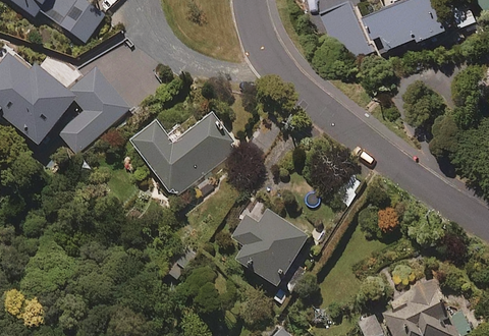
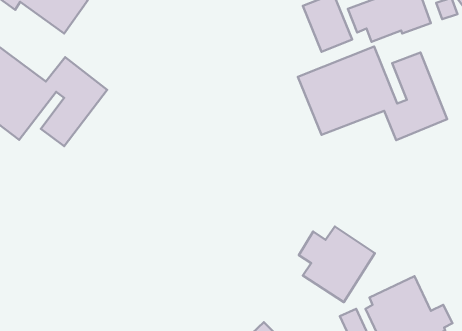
building: none -> [298,47,447,140]
building: [130,112,236,195] -> none
building: [232,212,308,287] -> [299,226,375,302]

